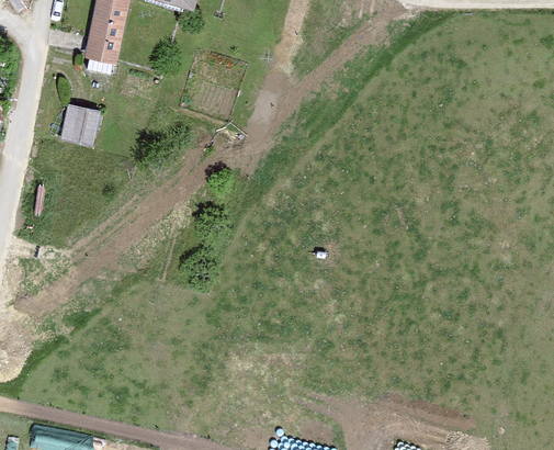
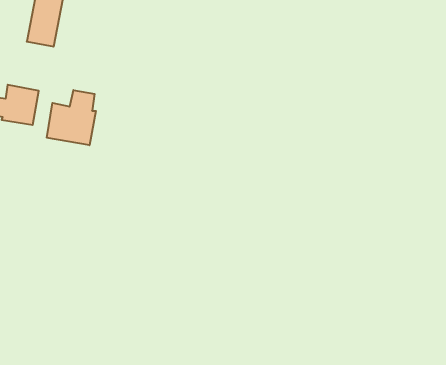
building: none -> [47,90,96,145]

